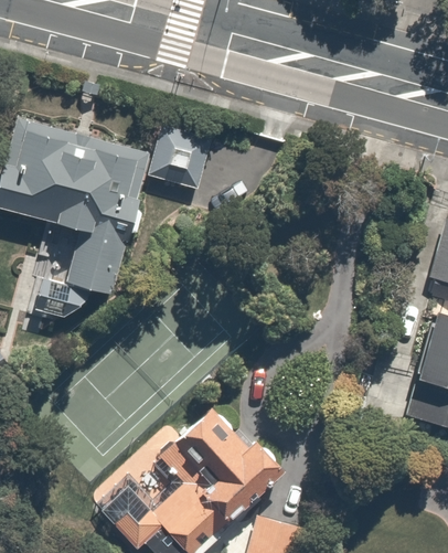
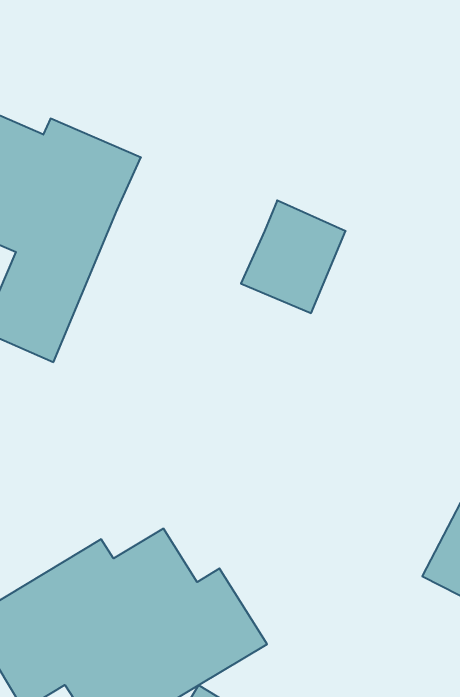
building: [142,126,211,202] -> [241,200,346,313]

